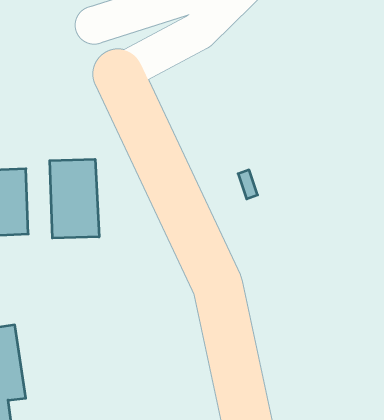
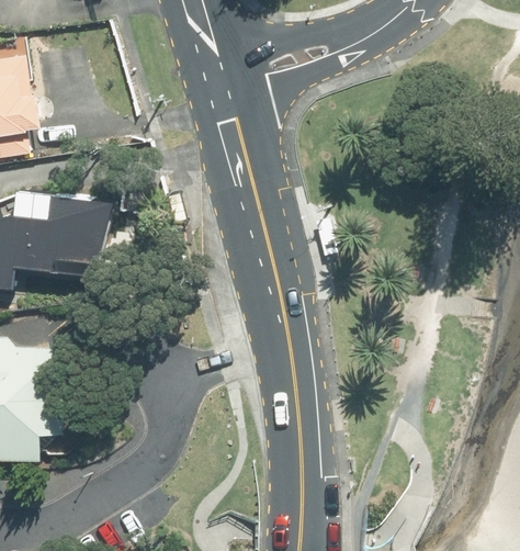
building: [50,159,99,238] -> none

